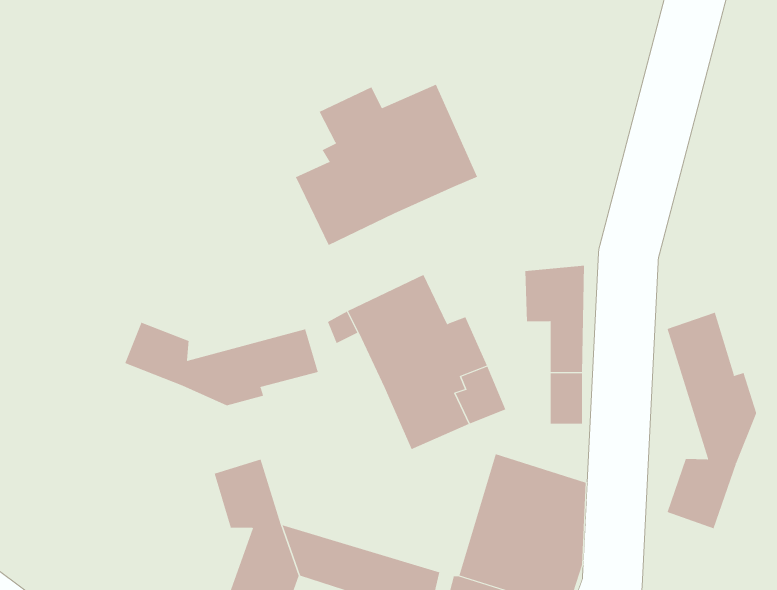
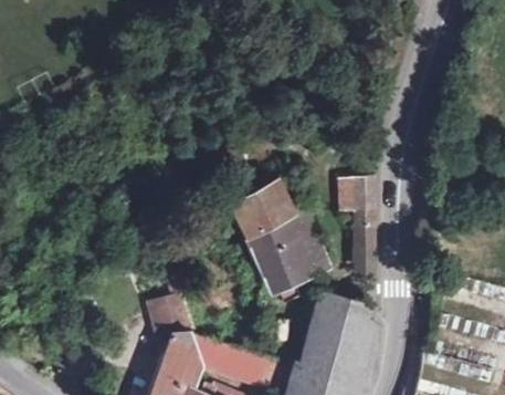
building: [295,84,478,246] -> none
building: [667,312,757,529] -> none
building: [125,322,318,406] -> none

